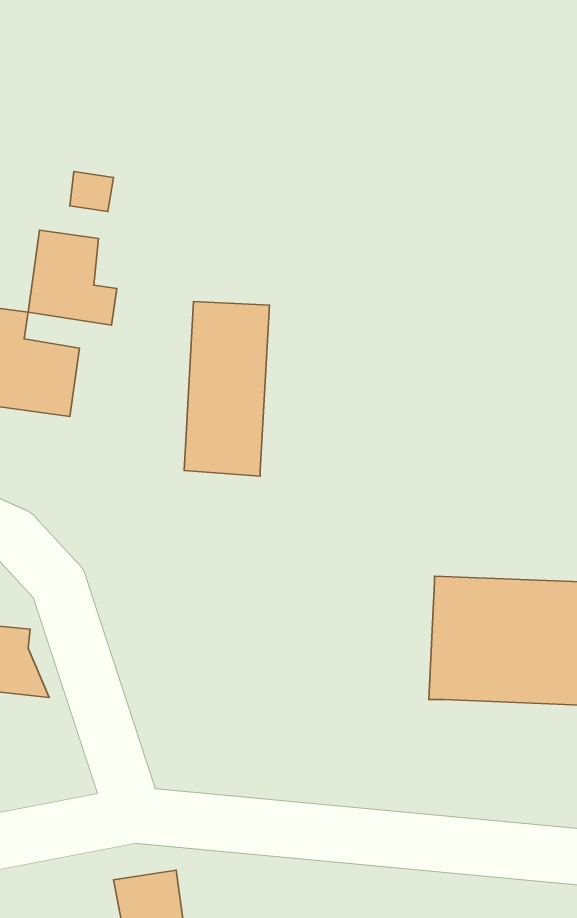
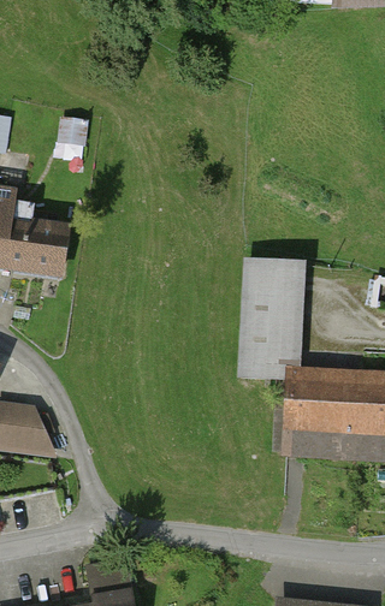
building: [28,230,117,325] -> none
building: [184,301,270,476] -> [242,266,296,376]

